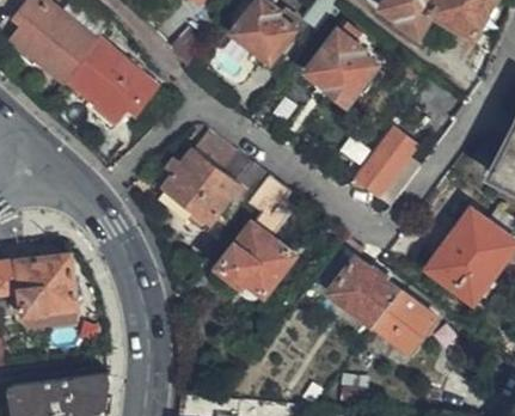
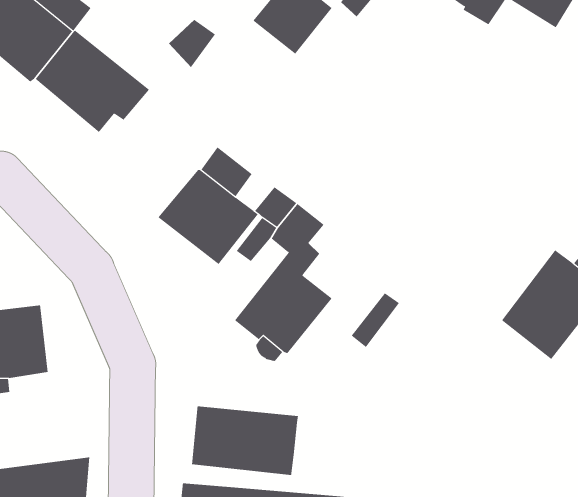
building: [308,33,375,104] -> none
building: [356,131,413,196] -> none
building: [329,258,431,351] -> none
building: none -> [192,406,298,476]

